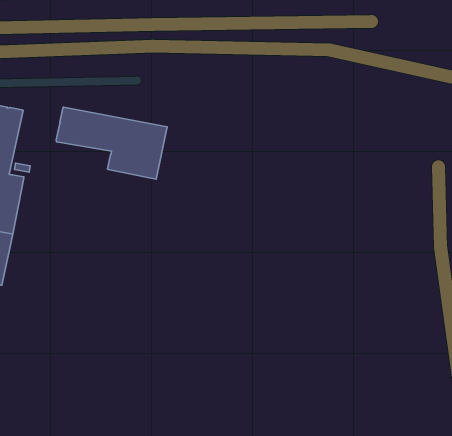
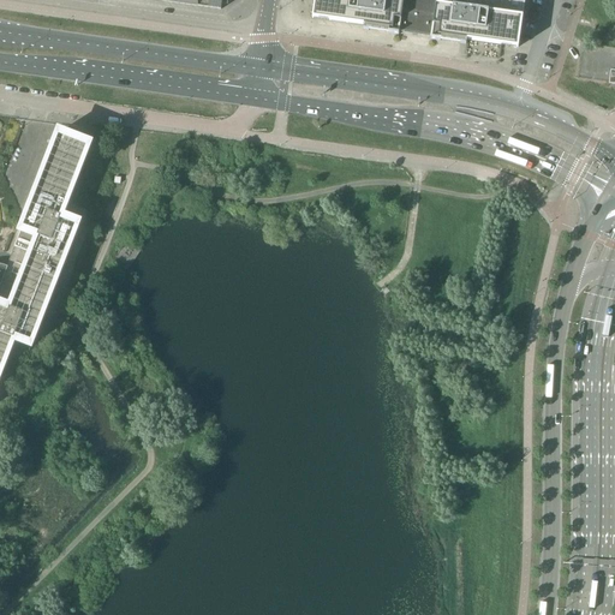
building: [56,107,167,179] -> none

